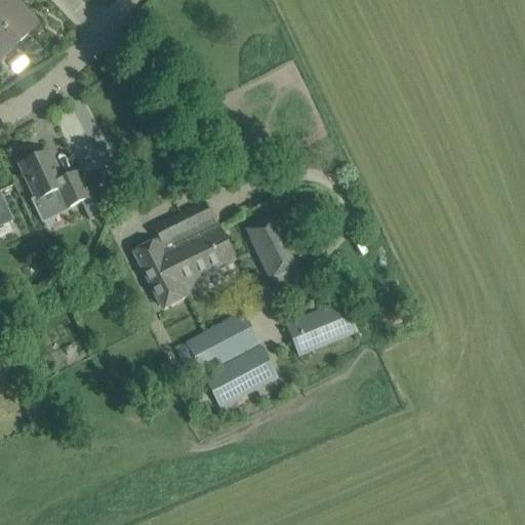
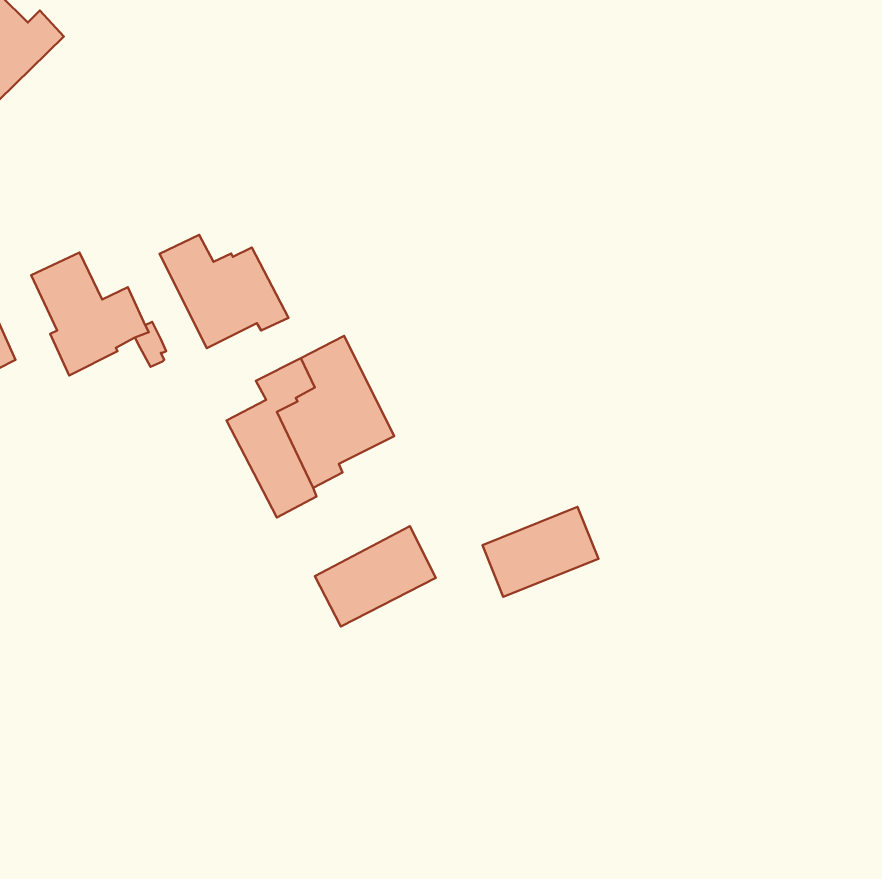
building: none -> [160,235,288,348]
building: [246,213,296,279] -> none
building: [204,347,277,406] -> none

